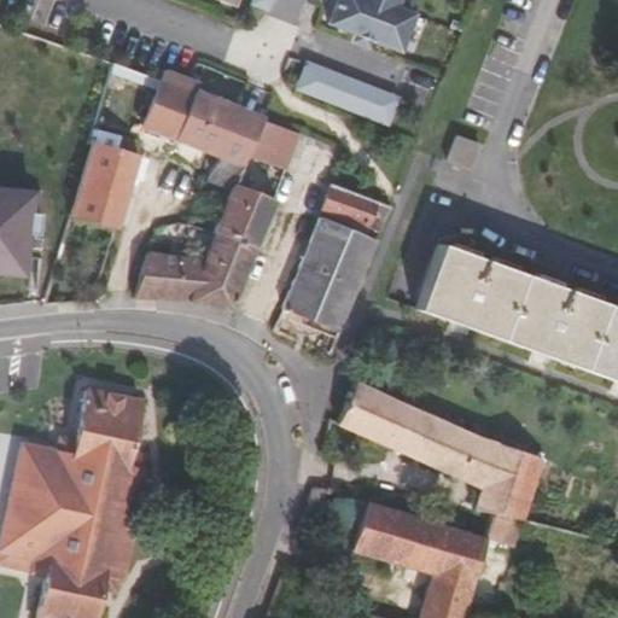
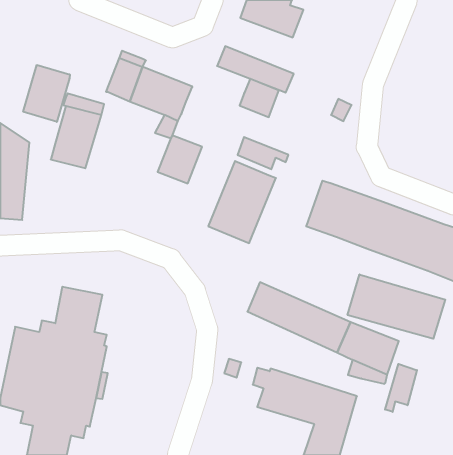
building: none -> [23,65,70,122]
building: [249,118,302,170] -> [240,79,279,117]
building: [136,233,257,307] -> none
building: none -> [348,274,445,339]
building: none -> [385,364,417,412]

